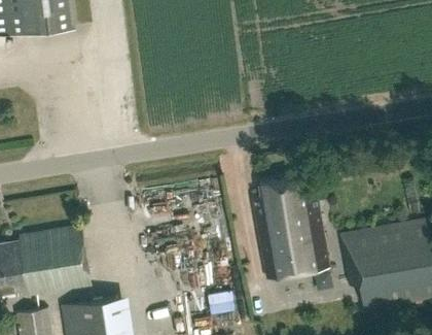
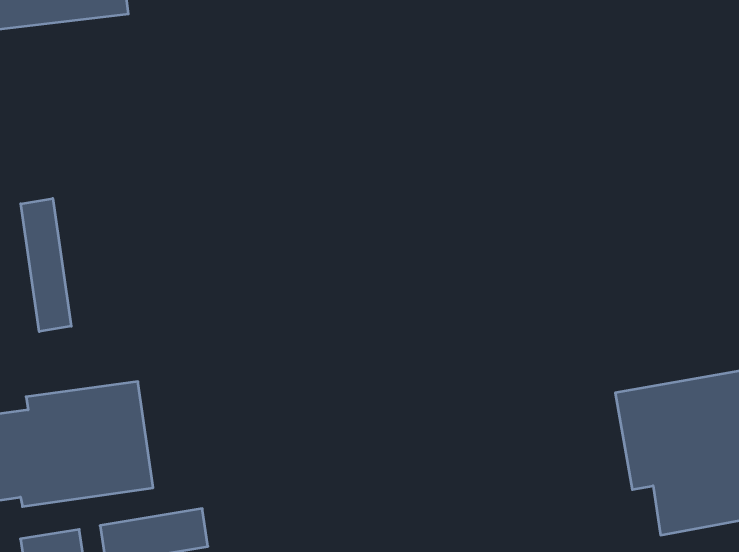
building: none -> [21,198,71,332]
building: [253,176,328,277] -> none

